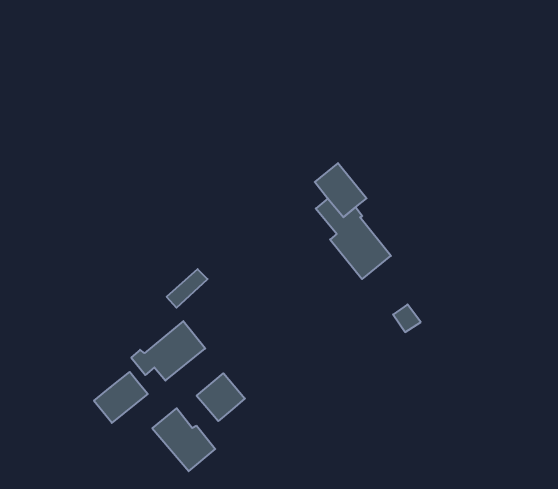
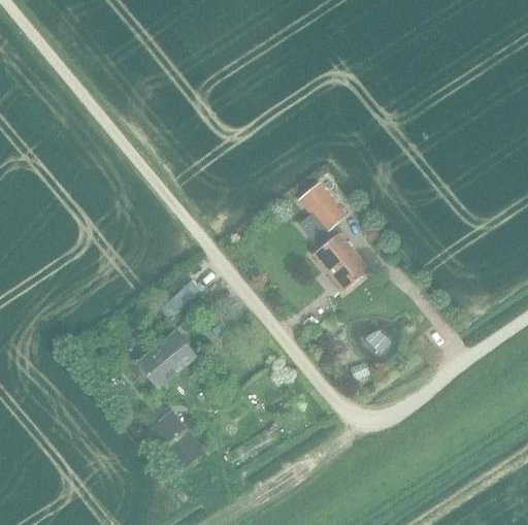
building: [94,372,148,423] -> none
building: [197,373,245,421] -> none

